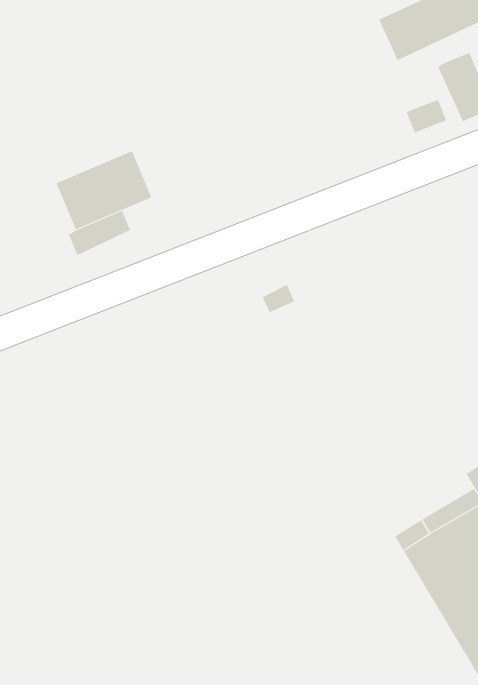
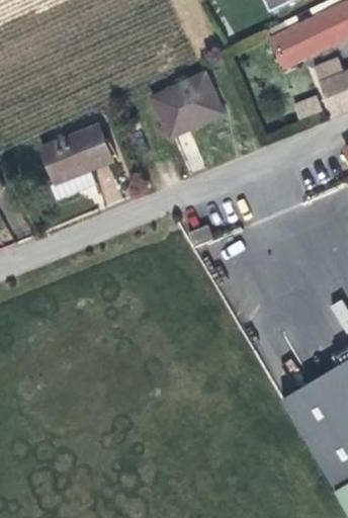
building: none -> [153,73,224,137]

